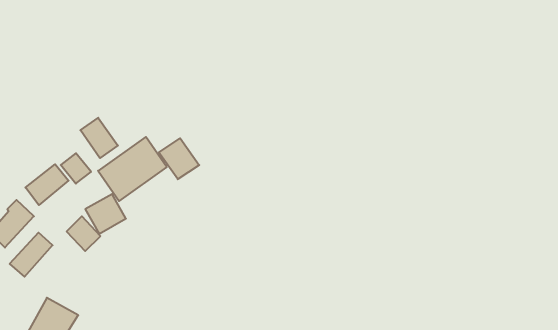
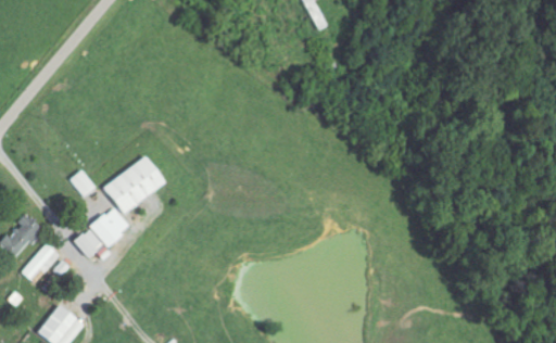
building: [80,118,118,158] -> none
building: [159,138,199,179] -> none
building: [25,164,69,205] -> none

